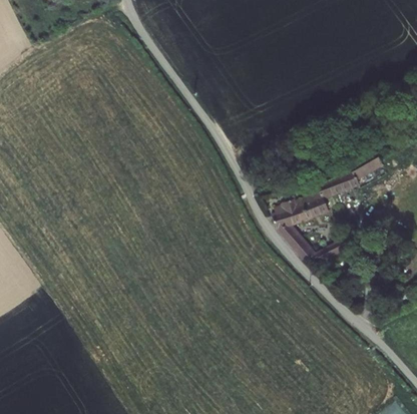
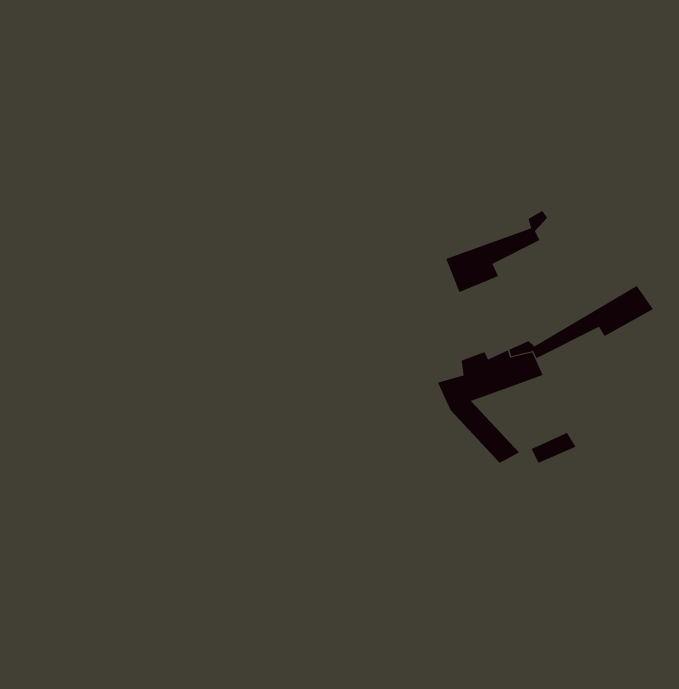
building: none -> [446,210,548,293]

